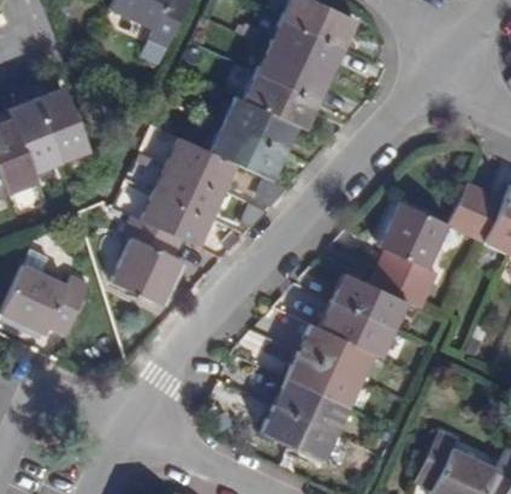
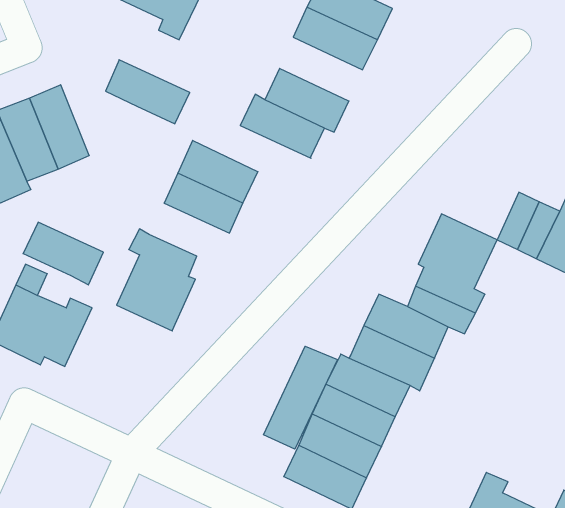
building: [256,46,329,102] -> none
building: [209,124,284,180] -> [106,60,190,124]
building: [141,192,212,248] -> [23,222,103,285]
building: none -> [264,346,338,449]

